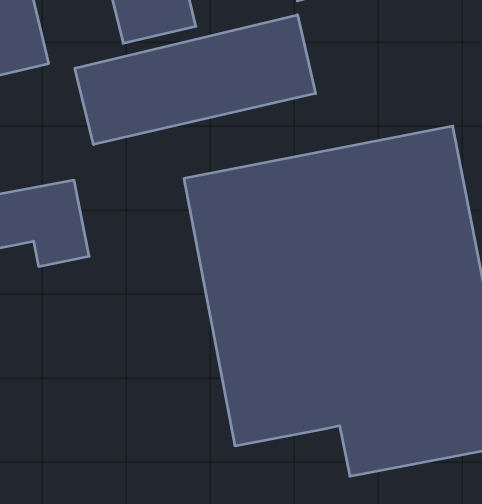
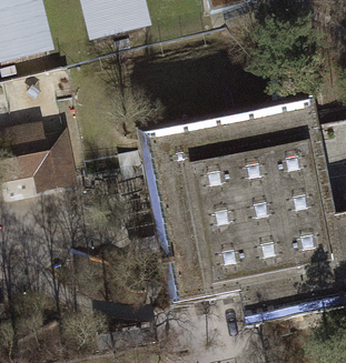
building: [75,15,316,145] -> none

